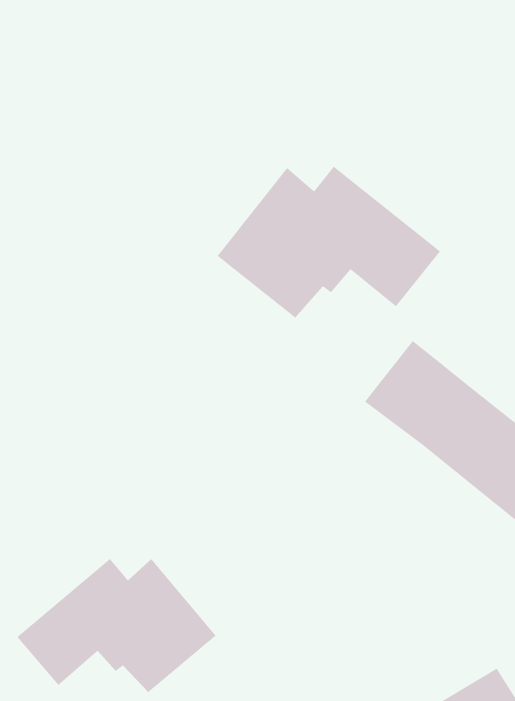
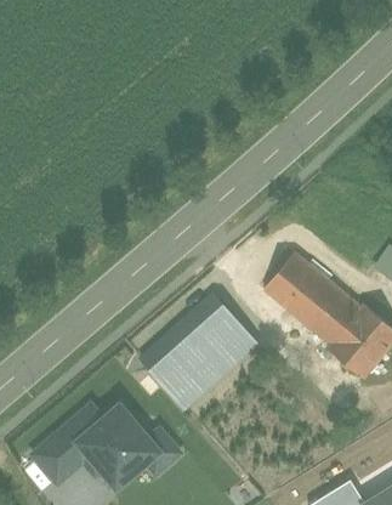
building: [217,166,441,318] -> none
building: none -> [140,293,259,409]

